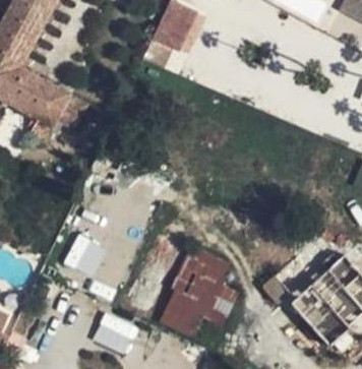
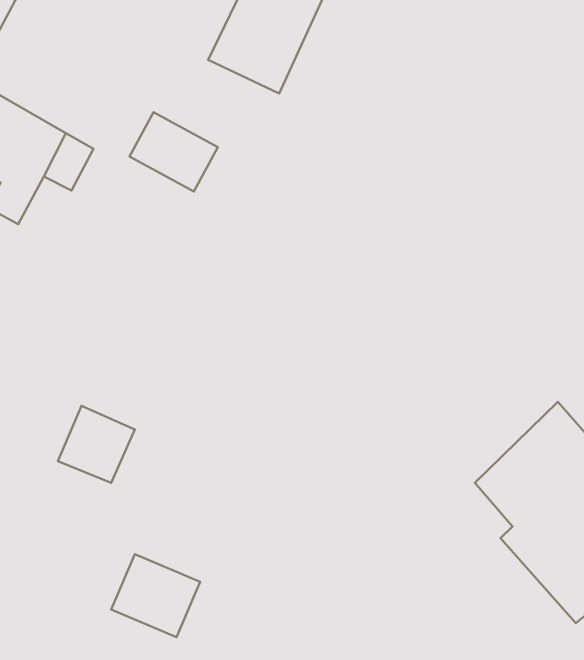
building: none -> [130,112,218,192]
building: [161,246,239,349] -> none

